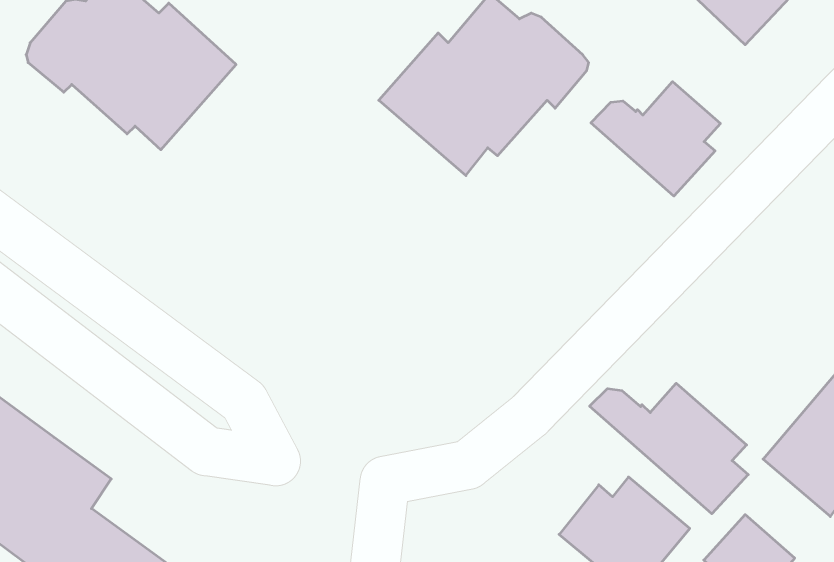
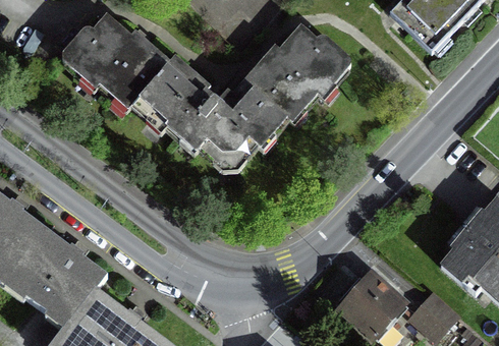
building: none -> [131,56,288,162]
building: [591,82,720,196] -> none
building: [590,383,748,514] -> none

